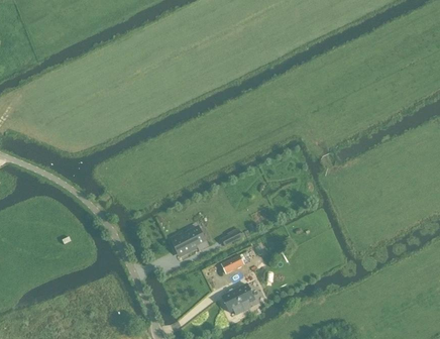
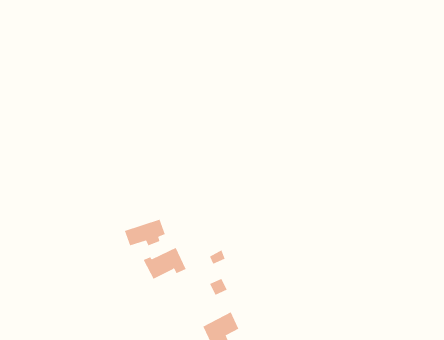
building: none -> [124,219,166,246]

